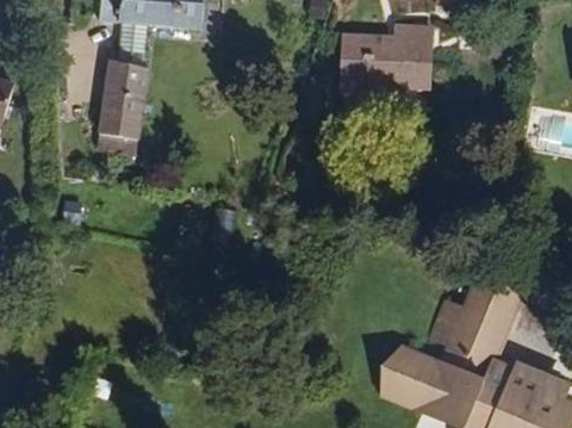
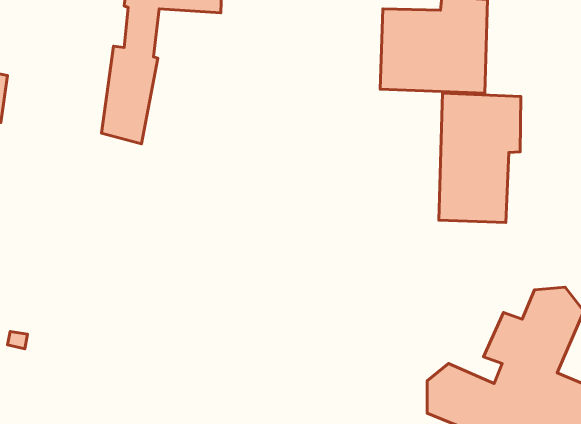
building: none -> [439,93,521,223]

